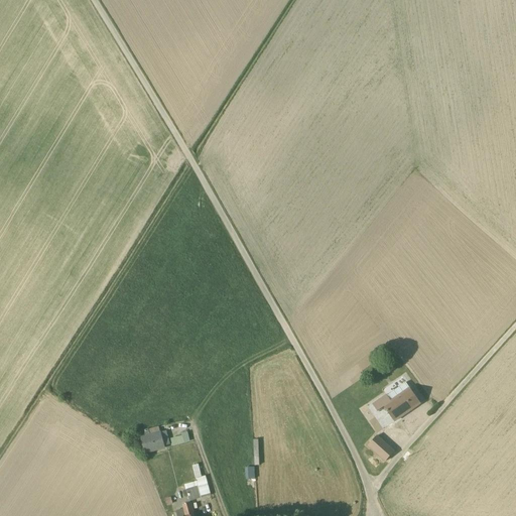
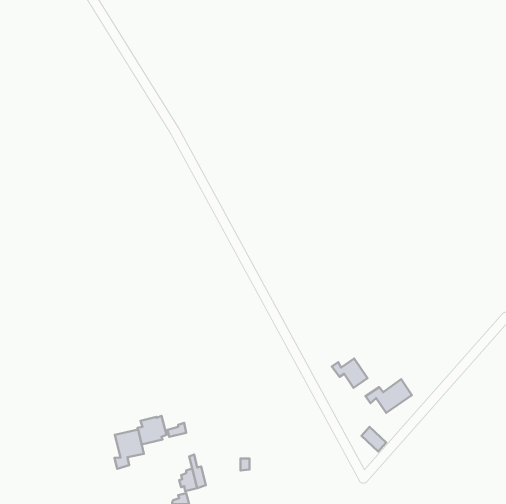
building: none -> [332,358,368,388]
building: none -> [115,430,144,469]

